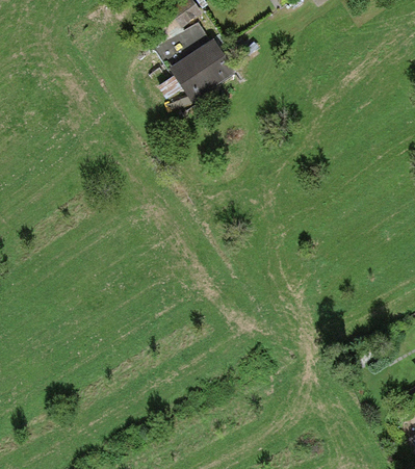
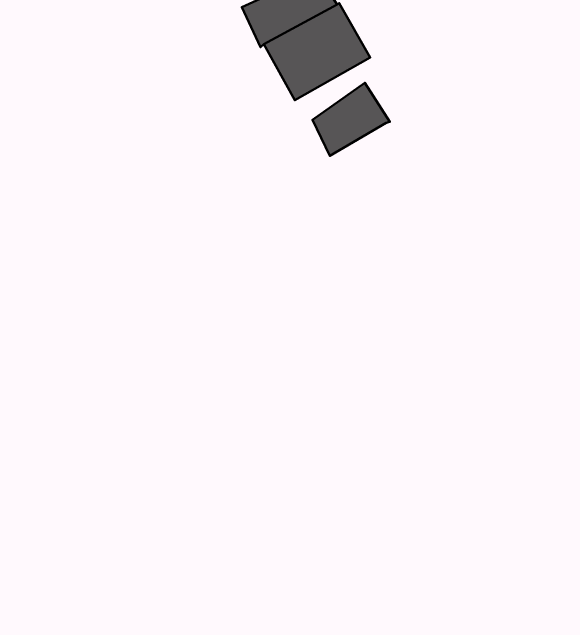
building: none -> [312,83,390,156]

